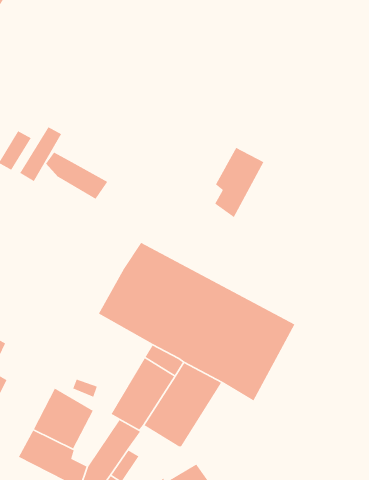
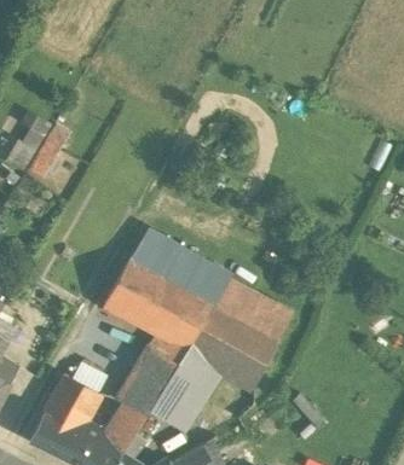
building: [214,147,265,218] -> none
building: [45,152,108,200] -> none

